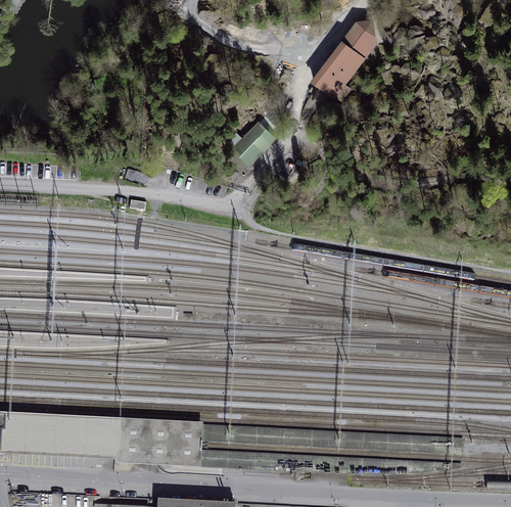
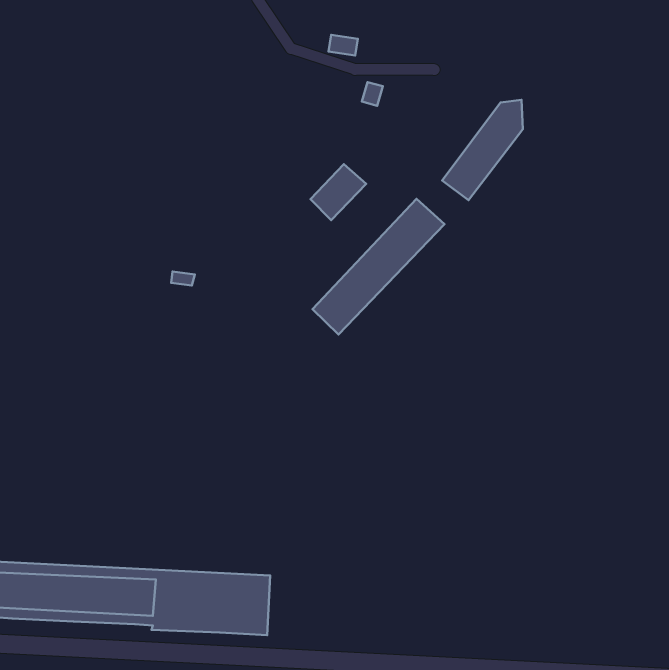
building: [313,20,372,94] -> [442,100,523,200]
building: none -> [313,199,444,334]

